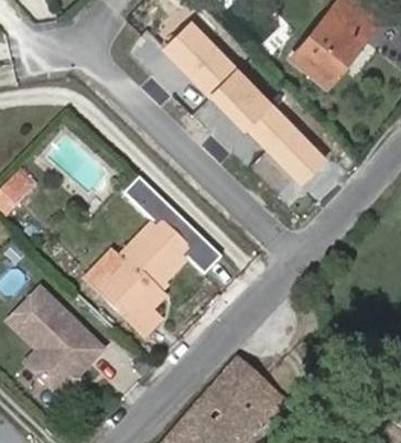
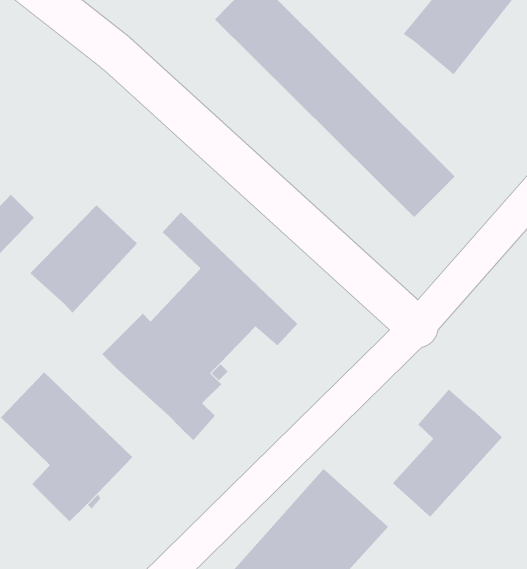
building: none -> [29,204,138,313]
building: none -> [392,389,503,517]

